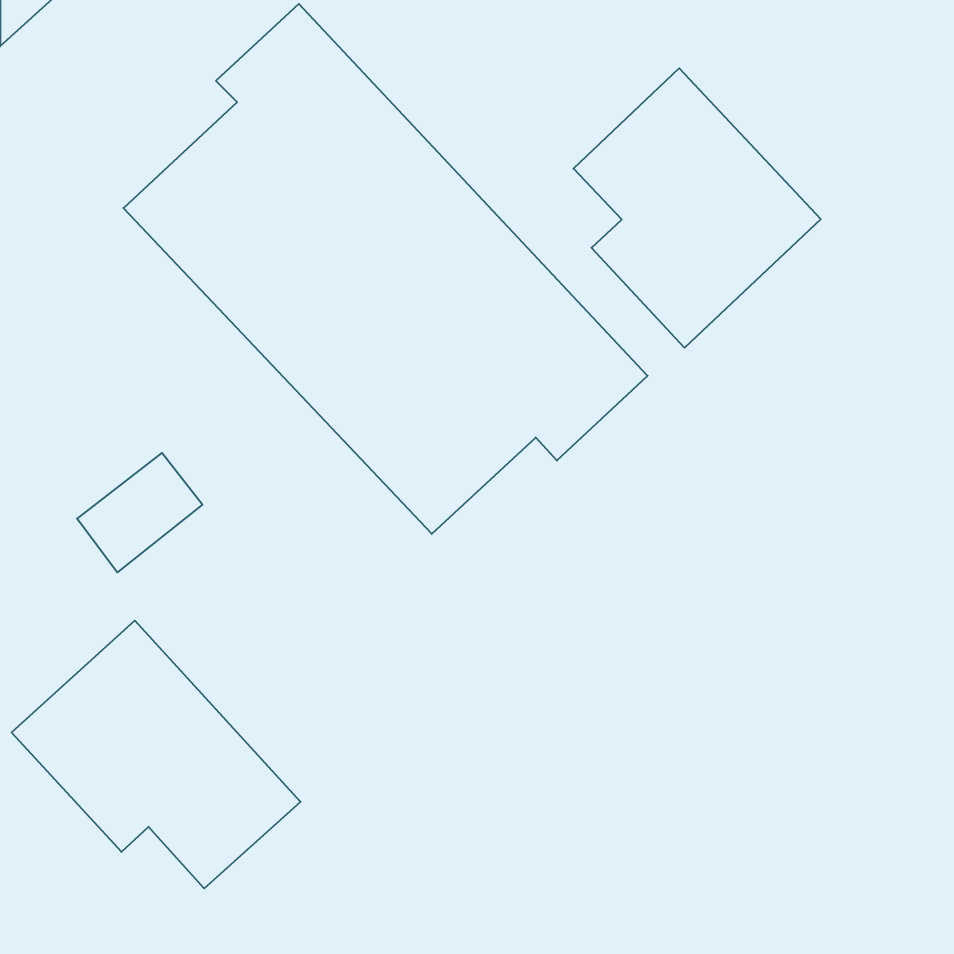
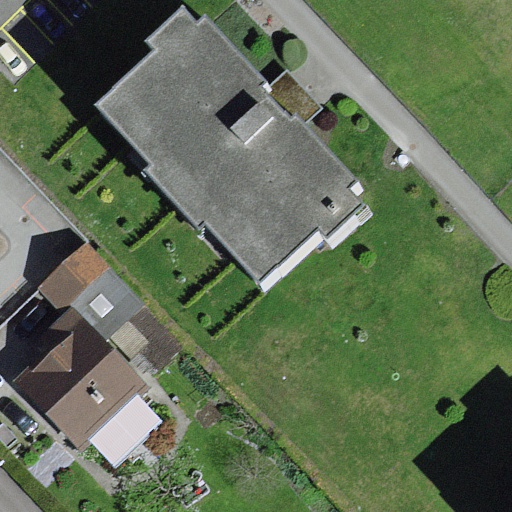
building: [573,68,821,348] -> none

